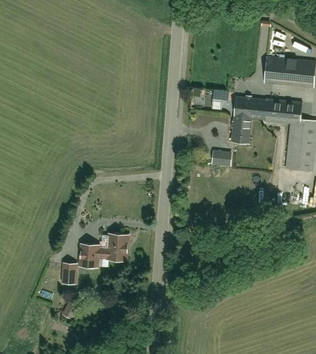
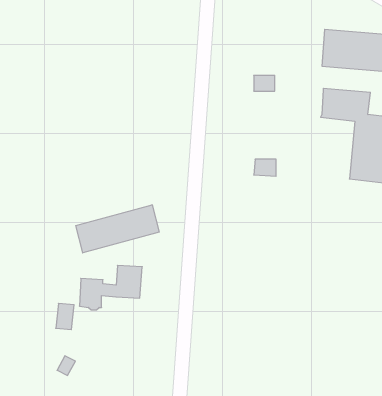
building: [231,97,265,142] -> none
building: none -> [76,205,159,253]

